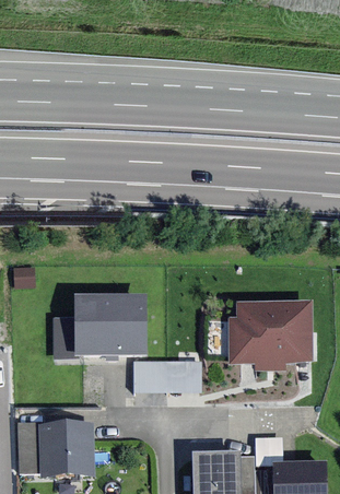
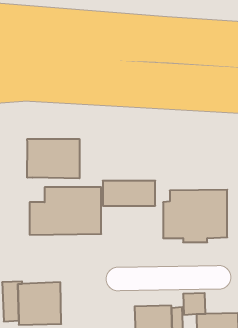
building: none -> [27,139,79,178]
building: [133,358,202,391] -> [103,181,155,206]

